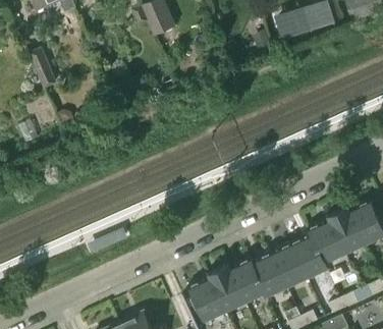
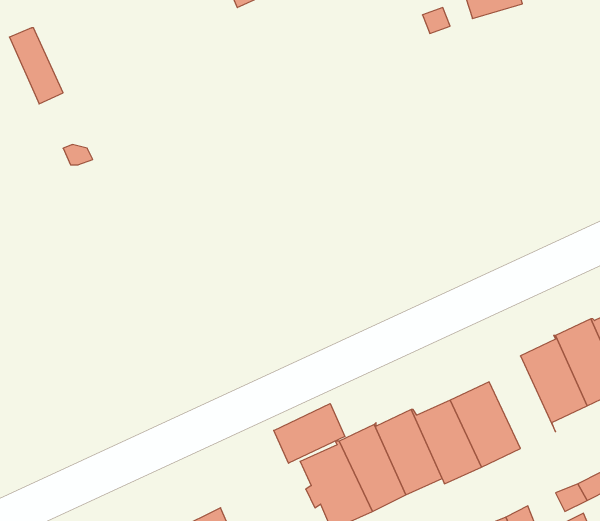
building: [291,226,328,277] -> none
building: none -> [274,404,345,463]

